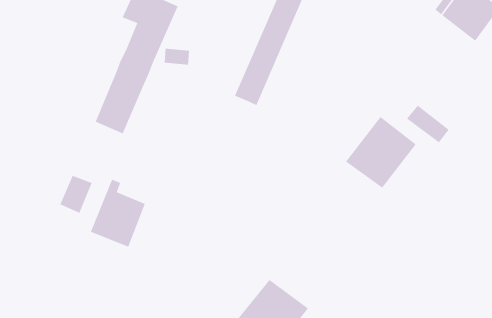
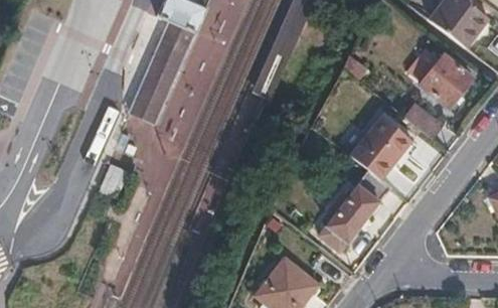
building: none -> [419,53,473,107]
building: [90,179,145,248] -> none
building: none -> [321,167,394,251]

